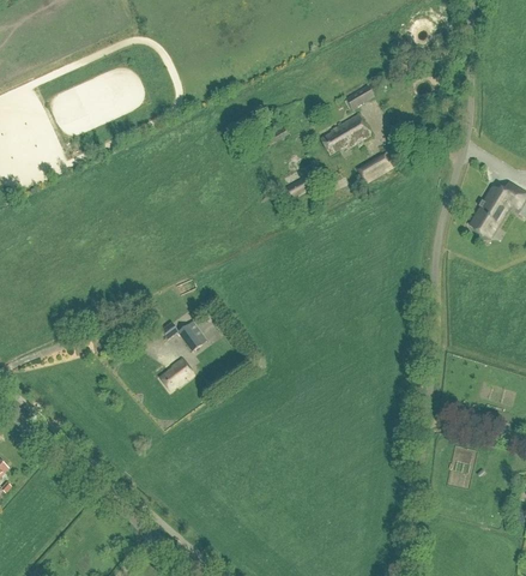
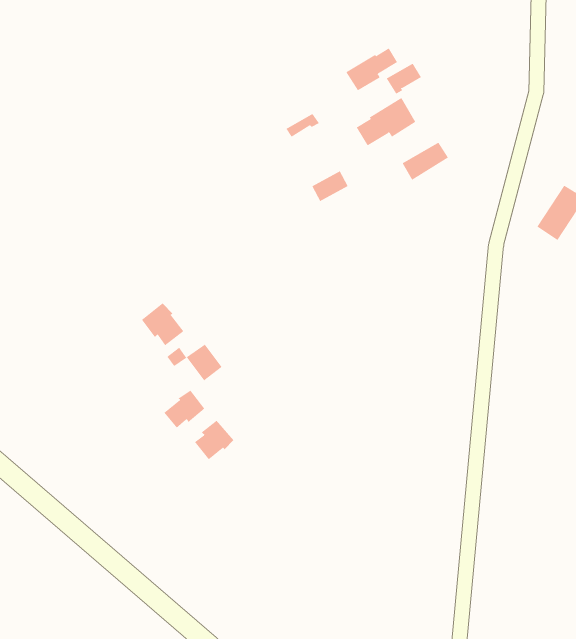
building: none -> [346,47,398,91]
building: none -> [141,302,184,346]
building: none -> [194,420,234,460]

